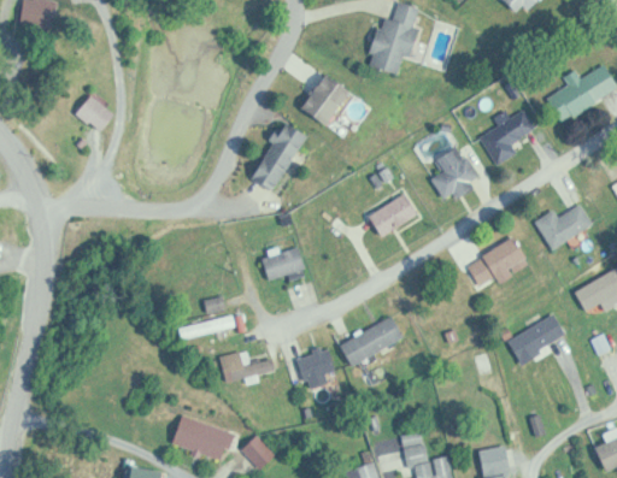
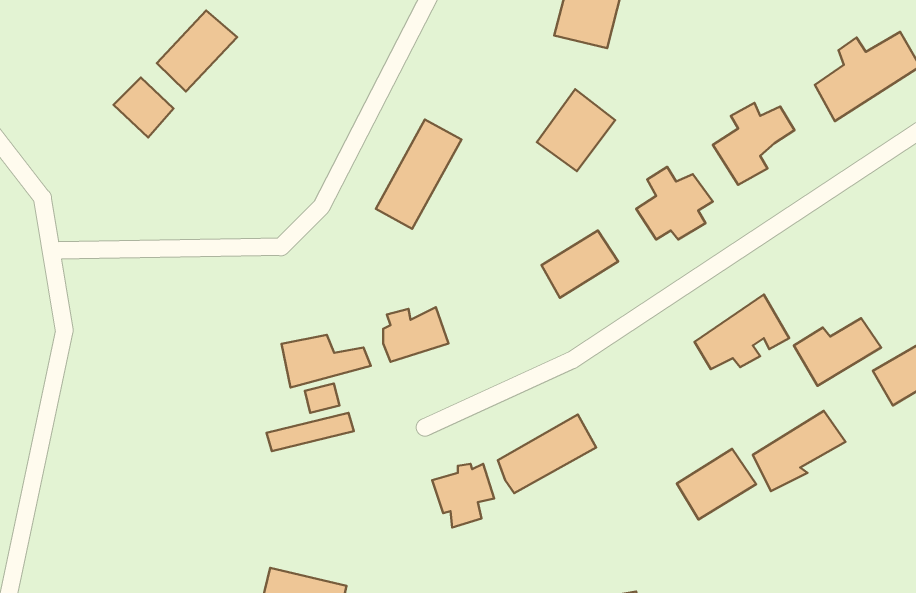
building: none -> [157,10,237,91]
building: [302,73,354,128] -> [537,89,615,171]
building: [529,206,587,250] -> [794,318,881,386]
building: none -> [677,449,756,520]
building: [211,350,270,385] -> [281,335,371,388]

